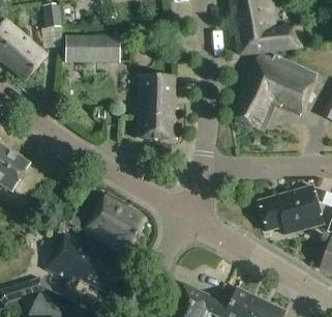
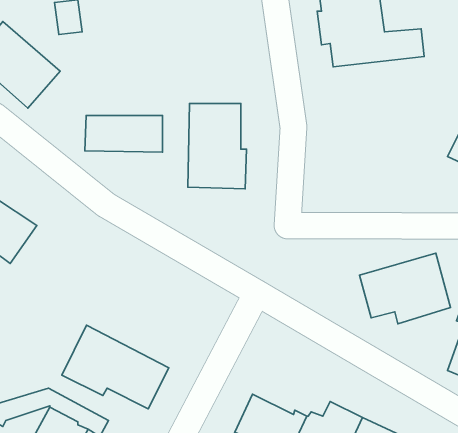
building: [64,38,119,64] -> [85,116,163,152]
building: [231,50,318,129] -> none
building: [86,193,146,254] -> none

